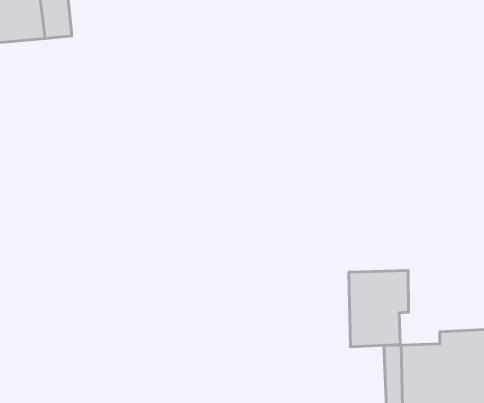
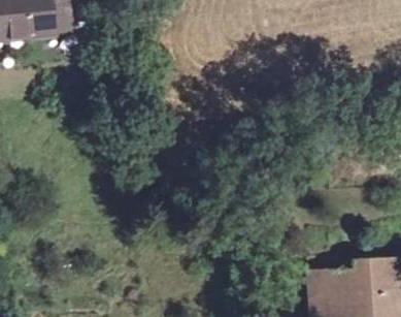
building: [349,271,409,347] -> none

